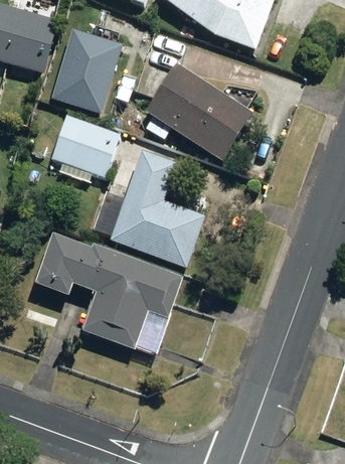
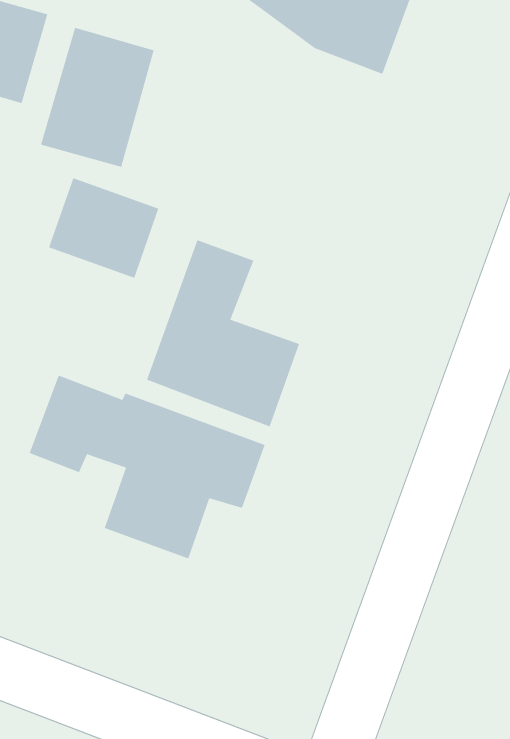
building: [150,66,255,162] -> none

